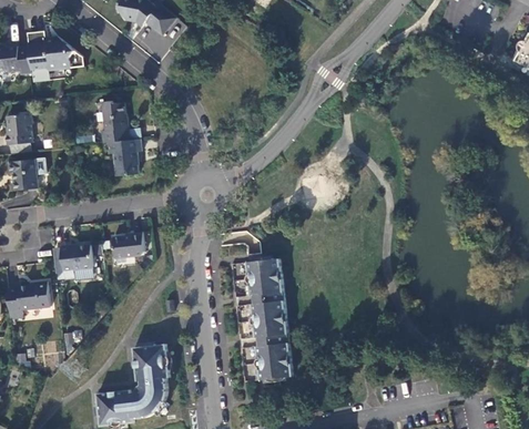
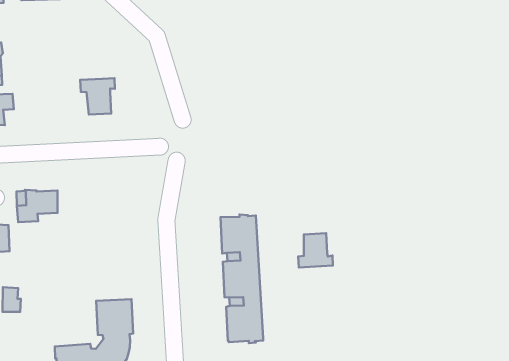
building: [100,100,128,142] -> none
building: [113,232,144,258] -> none
building: none -> [298,233,333,268]

